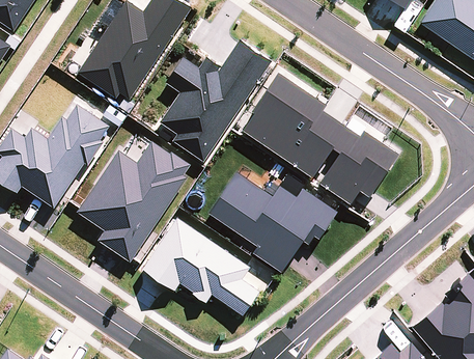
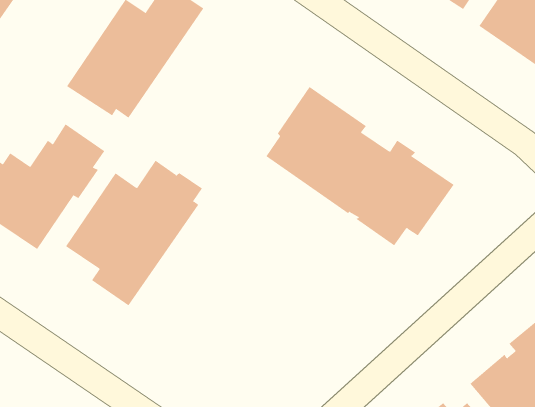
building: [160,44,272,161] -> none
building: [207,168,337,268] -> none
building: [142,214,259,311] -> none

